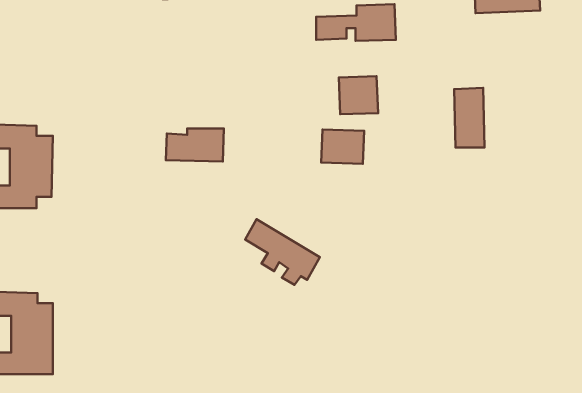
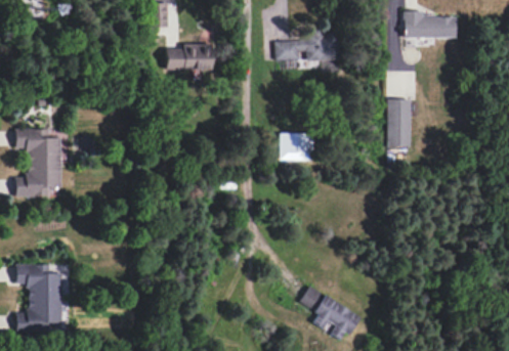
building: [339,76,378,114] -> none
building: [166,128,224,161] -> [165,44,212,71]
building: [245,219,320,285] -> [299,287,359,340]

